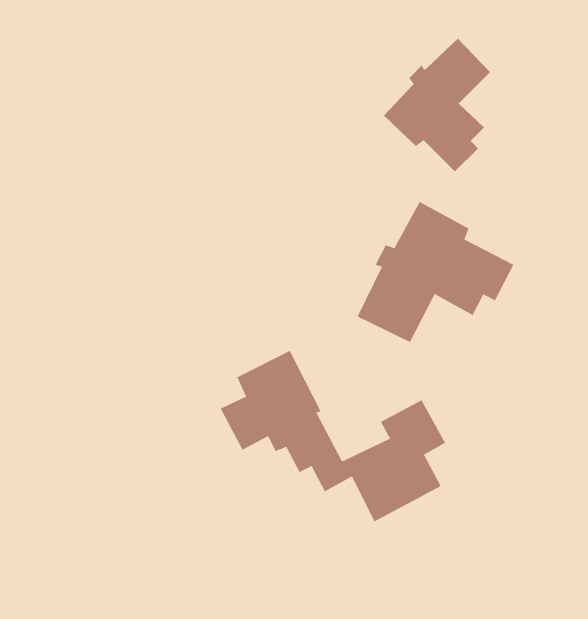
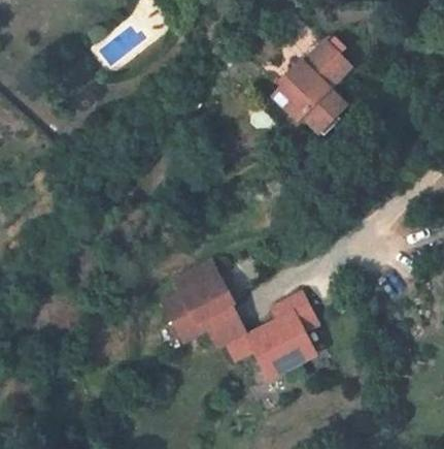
building: [357,201,514,343] -> none

